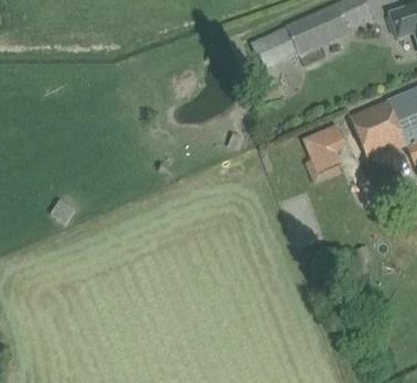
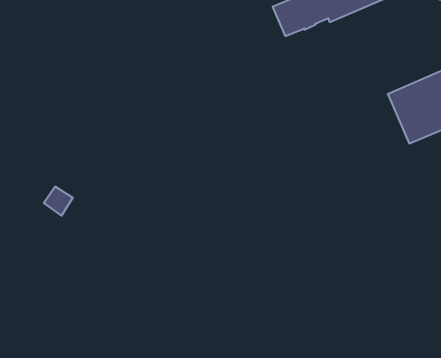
building: [303,124,347,172] -> none

